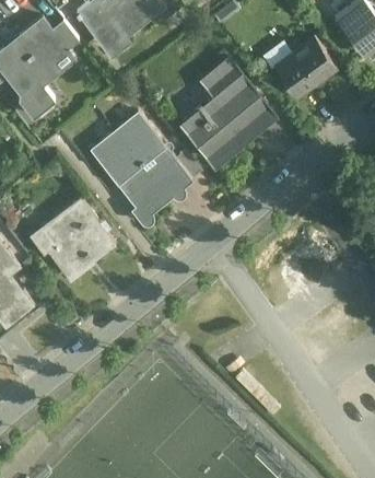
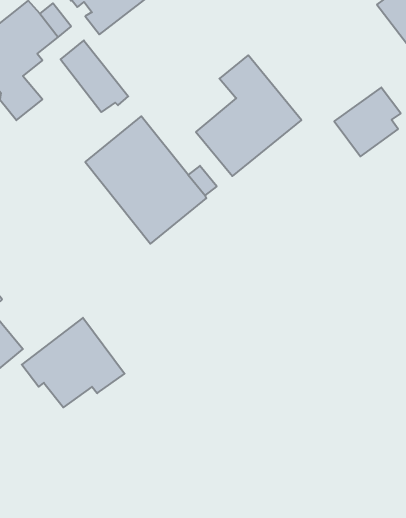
building: [274,38,330,96] -> [334,87,401,156]
building: none -> [61,40,128,112]
building: [30,199,116,275] -> [22,318,125,407]

